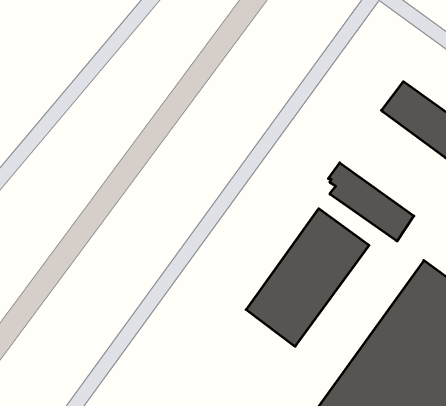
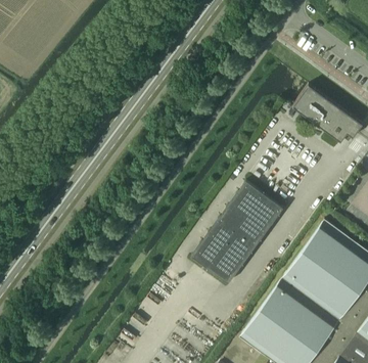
building: [328,163,414,241] -> none

